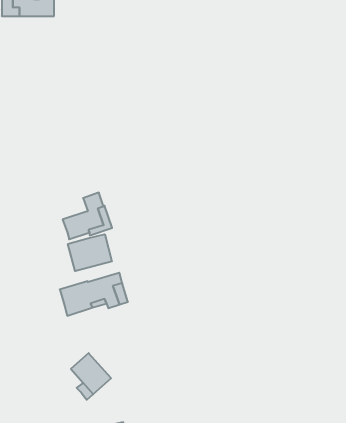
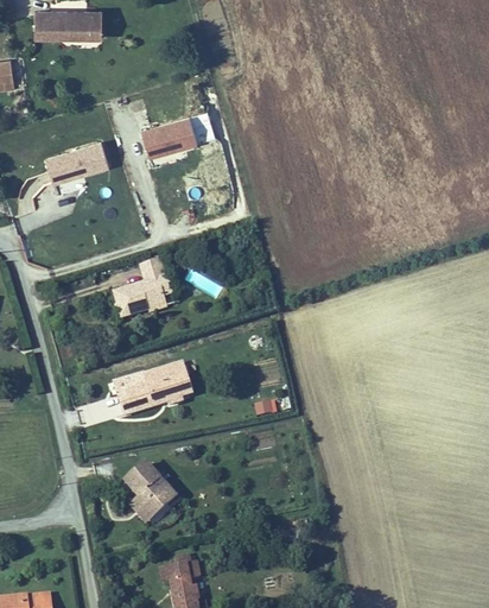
building: none -> [142,116,198,157]
building: none -> [45,141,108,183]
building: [68,234,112,271] -> none

